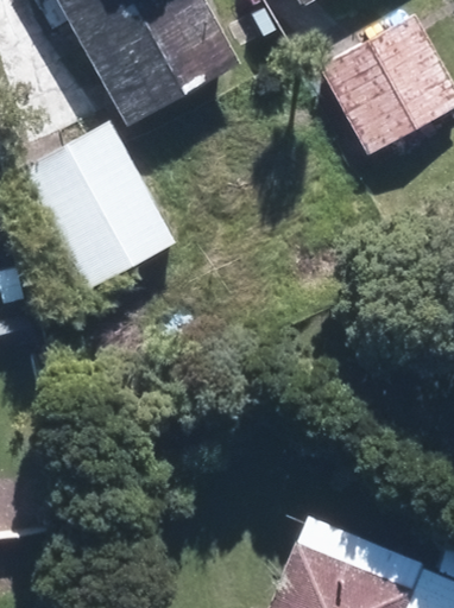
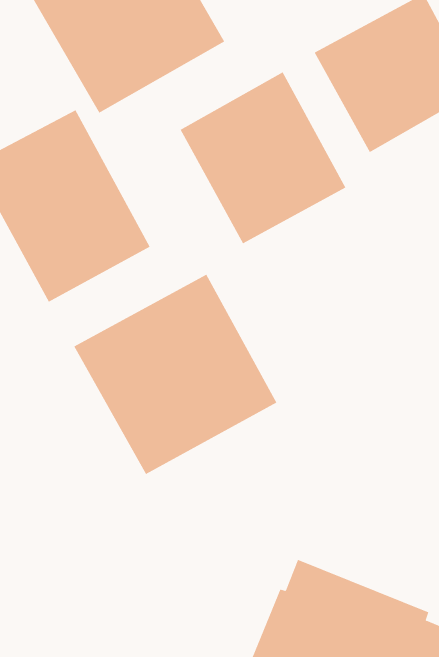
building: none -> [180,71,346,244]
building: none -> [74,274,277,475]

